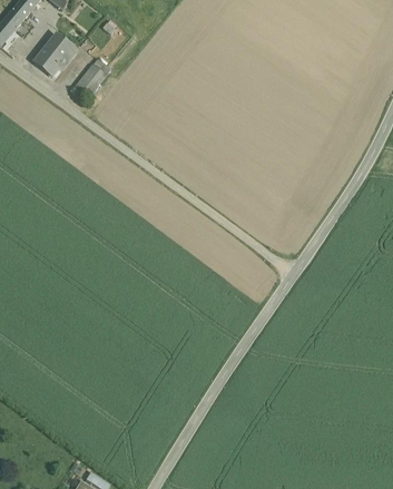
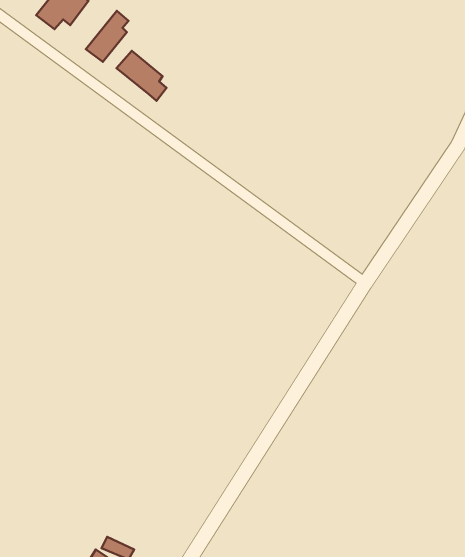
building: none -> [116,51,166,101]

